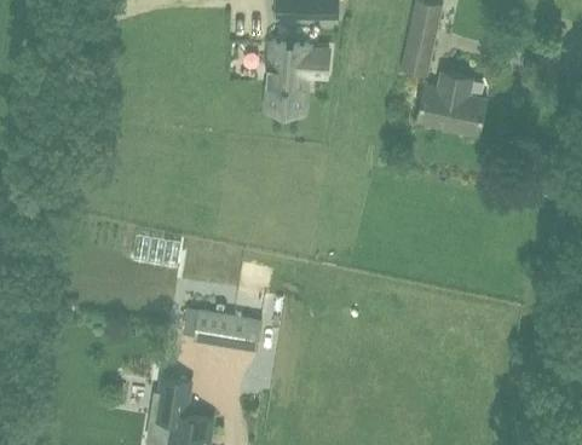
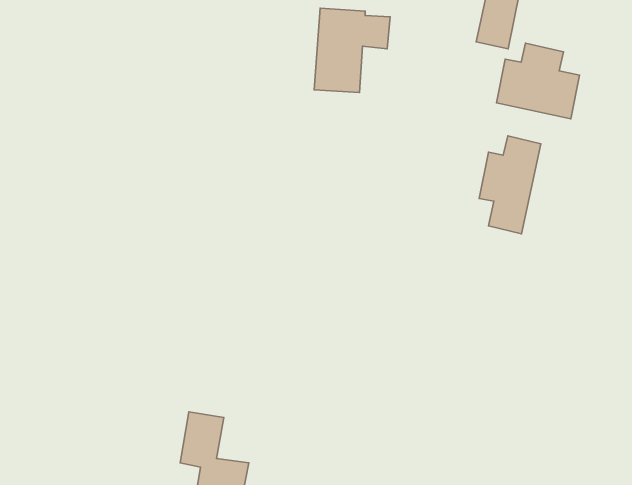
building: none -> [479,136,541,234]
building: [184,308,263,347] -> none

